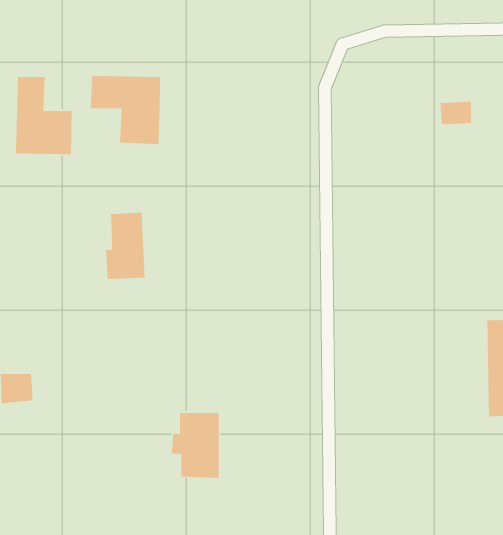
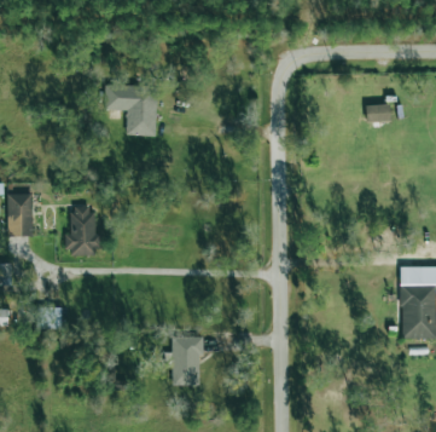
building: [15,76,72,155] -> none
building: [105,212,146,280] -> [68,206,98,257]

